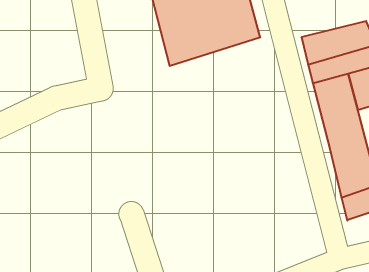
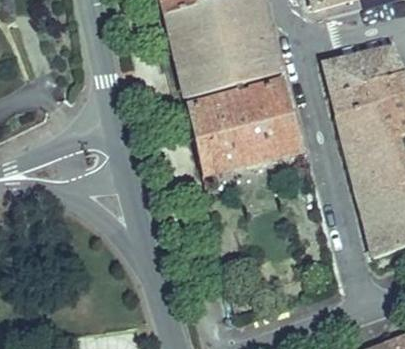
building: none -> [187,79,302,174]

